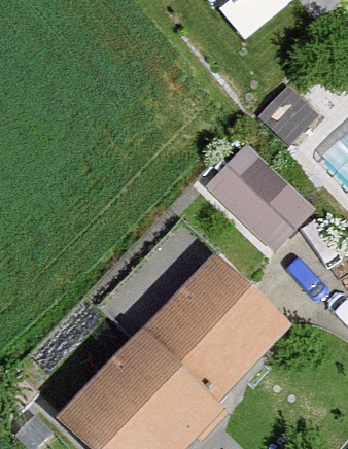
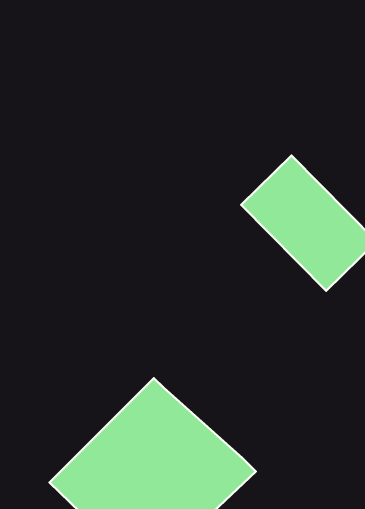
building: [143,264,281,399] -> none

